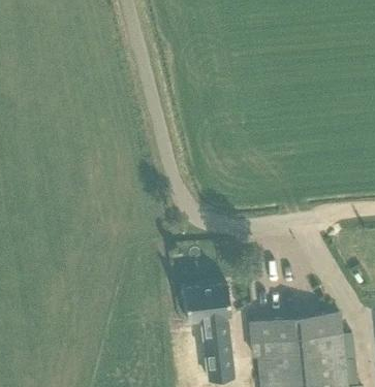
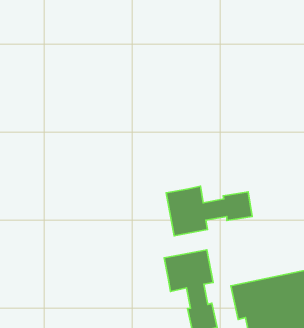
building: none -> [166,186,252,236]

